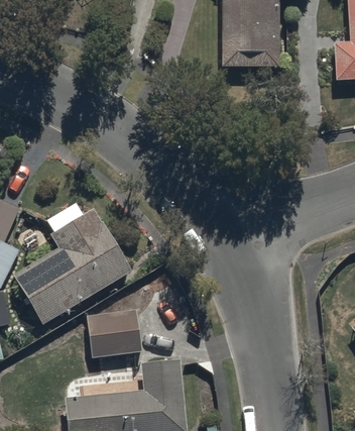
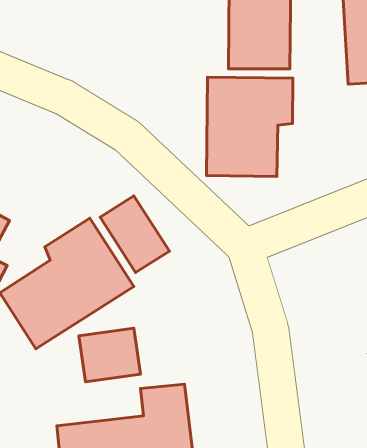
building: none -> [206,77,293,176]
building: none -> [100,196,169,273]

